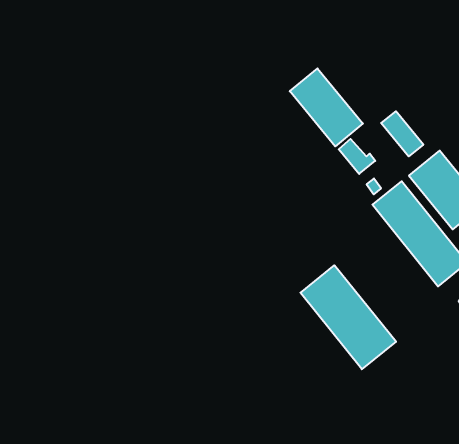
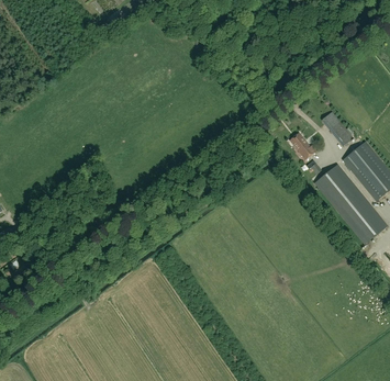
building: [290,68,363,146] -> none
building: [300,265,396,369] -> none

